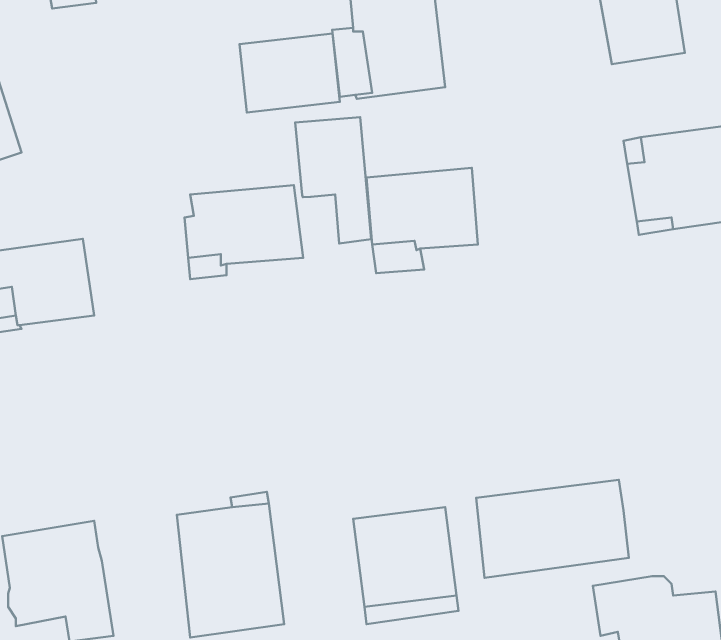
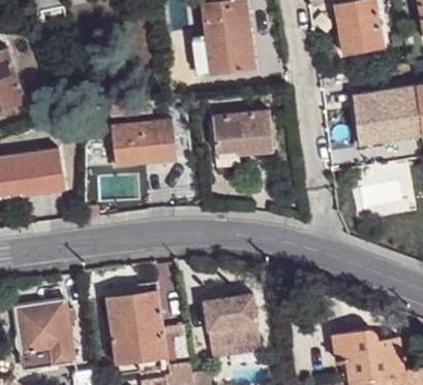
building: [240,34,340,112] -> none
building: [295,117,371,244] -> none
building: [476,480,629,578] -> none

